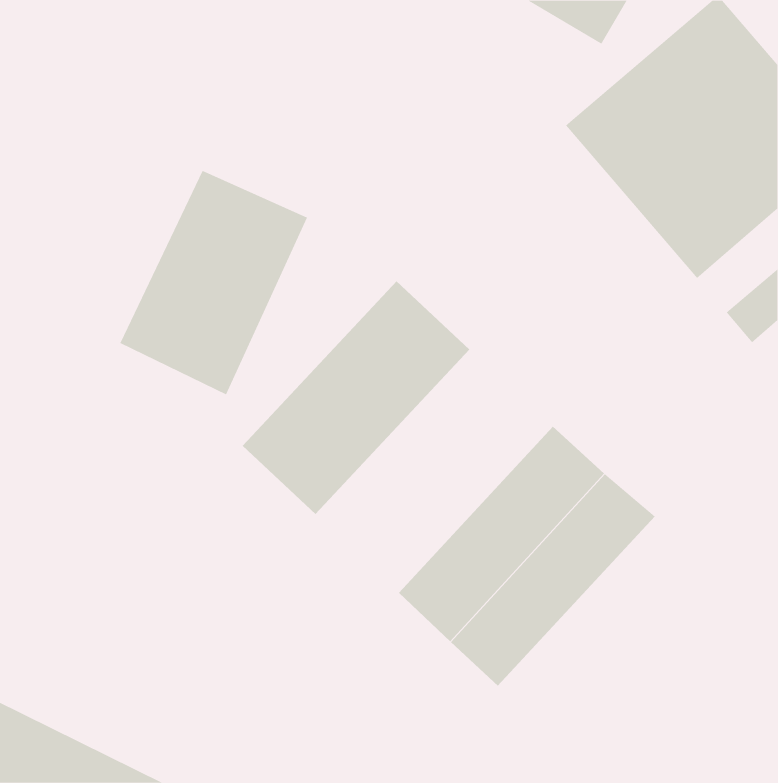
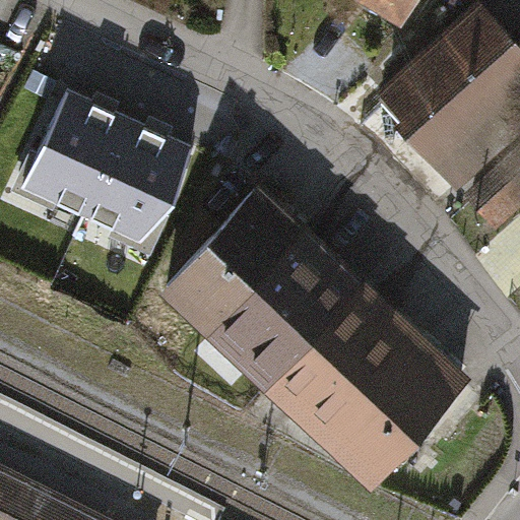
building: none -> [7,78,134,228]
building: none -> [209,232,367,393]
building: none -> [330,342,476,493]

